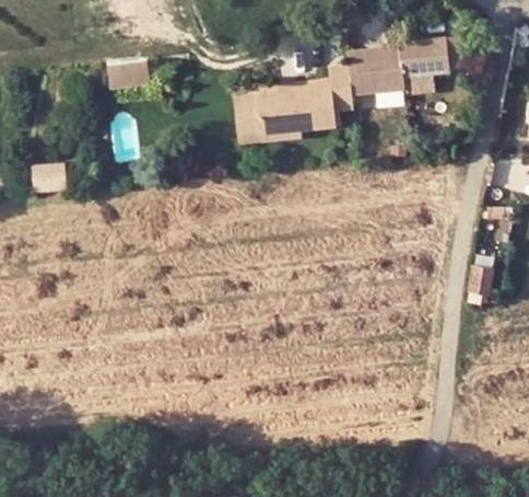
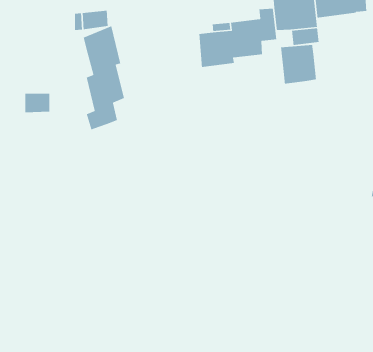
building: none -> [83,25,125,131]
building: [234,92,262,138] -> none
building: none -> [280,44,317,84]

